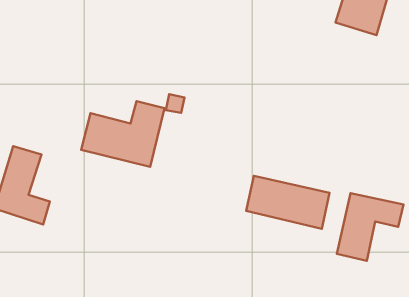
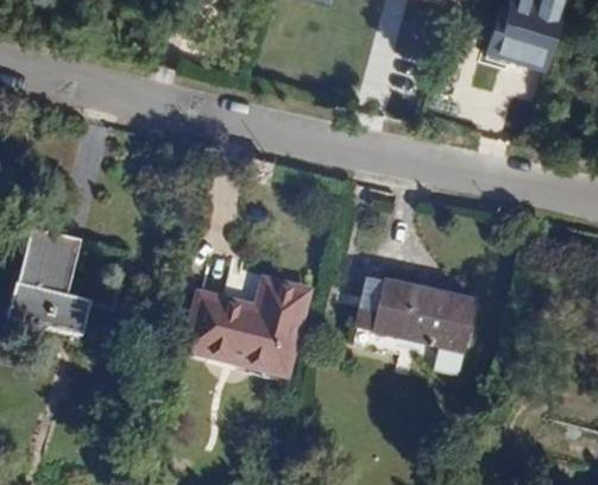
building: [81,101,165,167] -> [190,276,307,367]
building: [337,193,404,261] -> none

